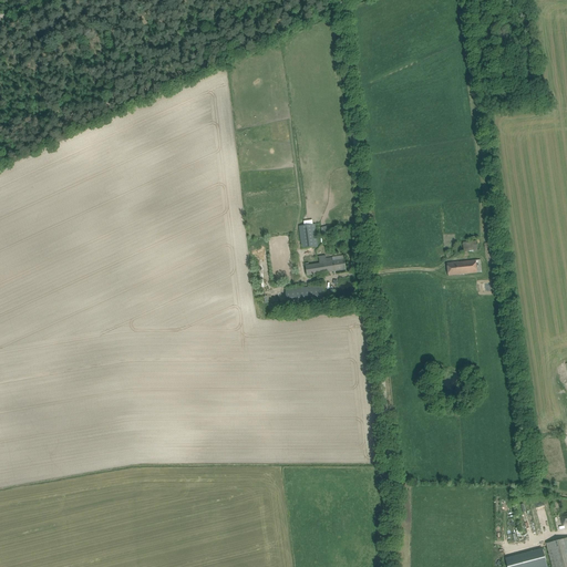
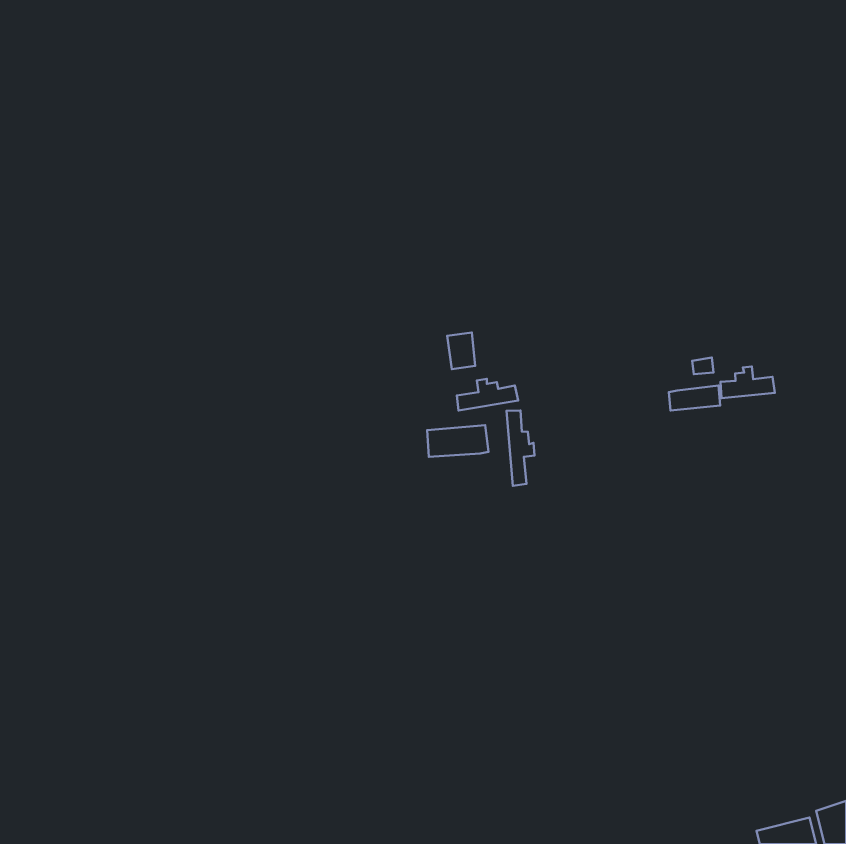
building: none -> [721,367,775,398]
building: none -> [507,411,534,486]

